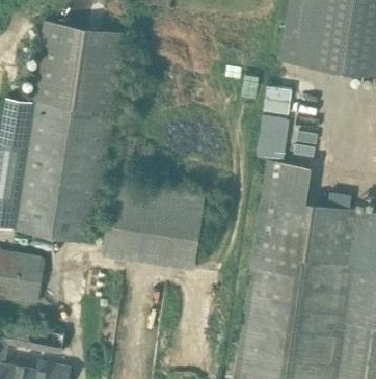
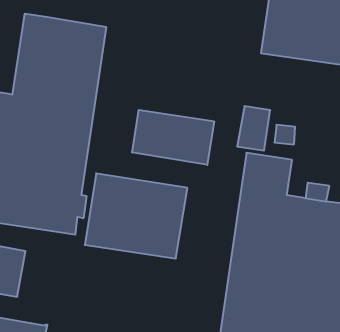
building: [263,84,291,112] -> none
building: none -> [132,110,214,165]

